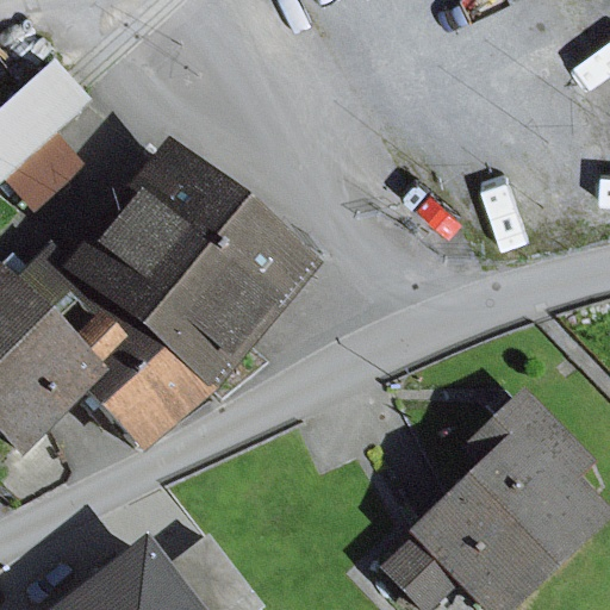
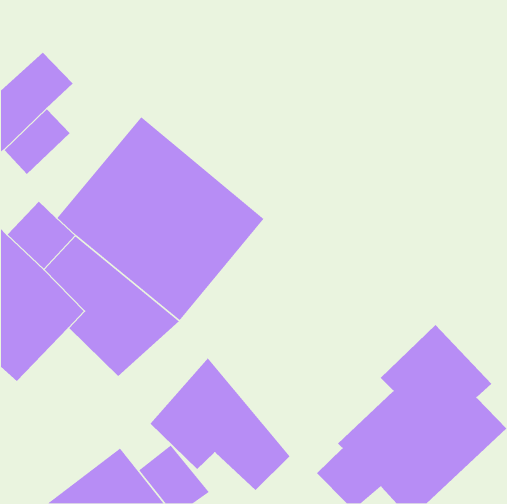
building: none -> [150,357,291,491]

